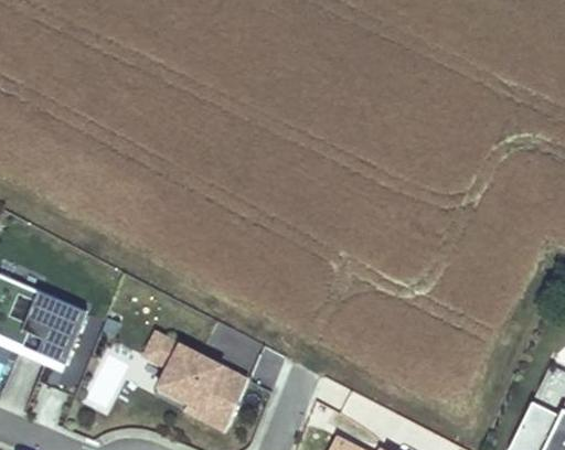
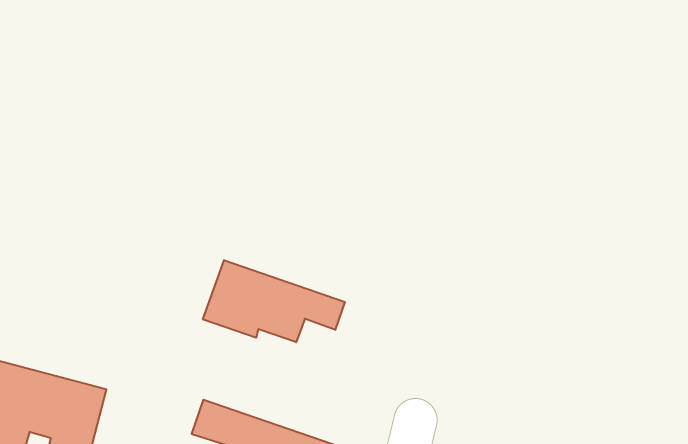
building: none -> [203,260,345,342]

